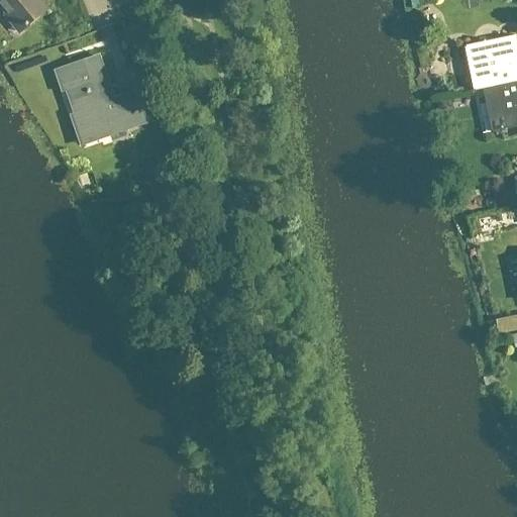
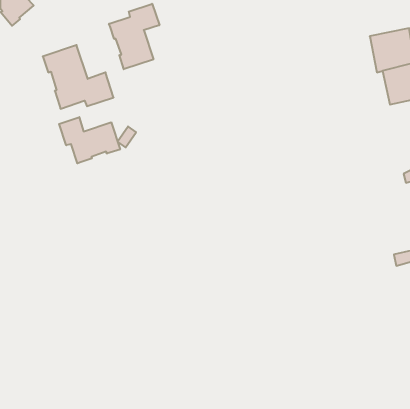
building: none -> [109,4,159,69]
building: none -> [59,117,120,163]

